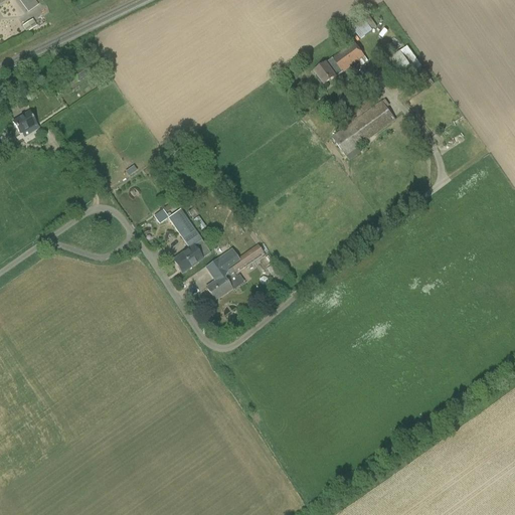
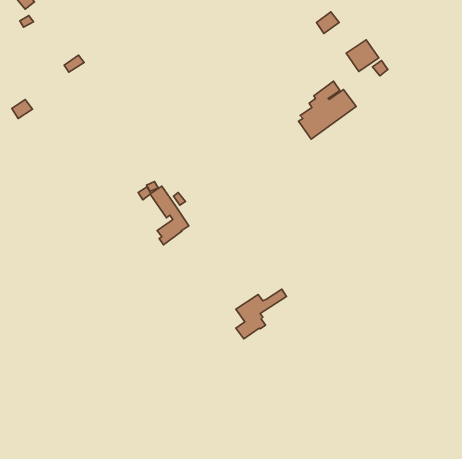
building: [315,40,368,82] -> none
building: [206,243,263,299] -> [236,289,286,339]

